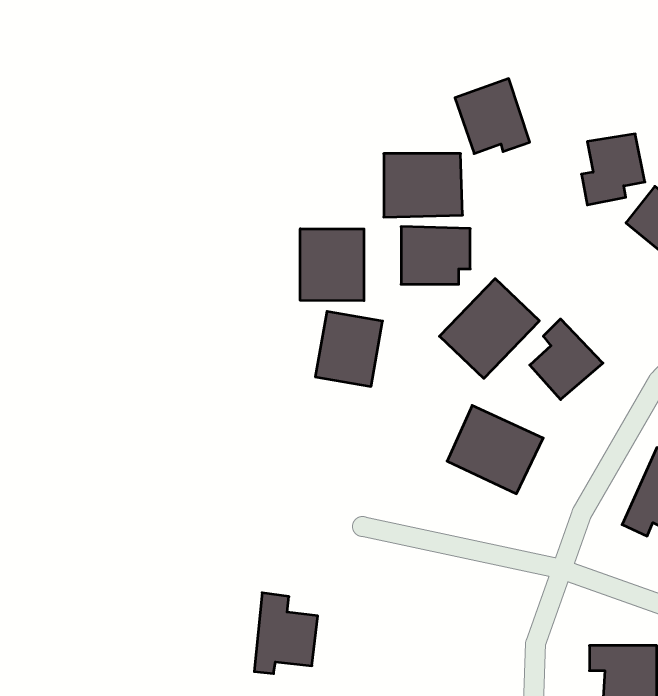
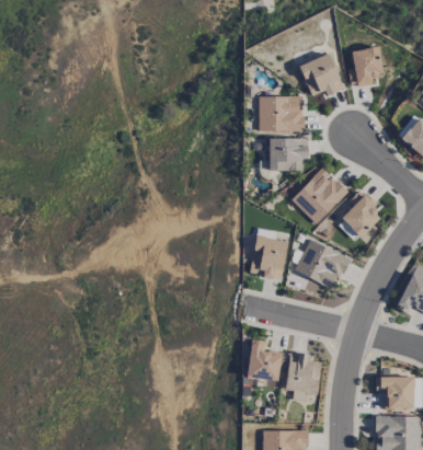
building: [581,134,645,205] -> [348,47,385,88]
building: [300,229,364,301] -> none
building: [315,311,383,386] -> [250,236,288,279]
building: [254,593,318,674] -> [247,339,283,385]
building: none -> [285,351,322,394]

